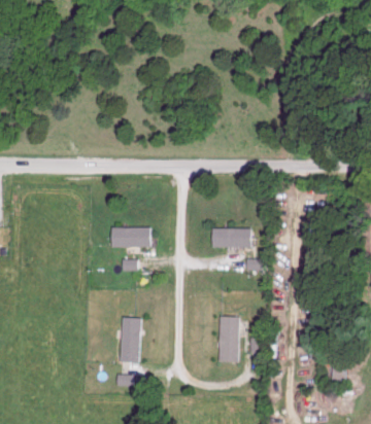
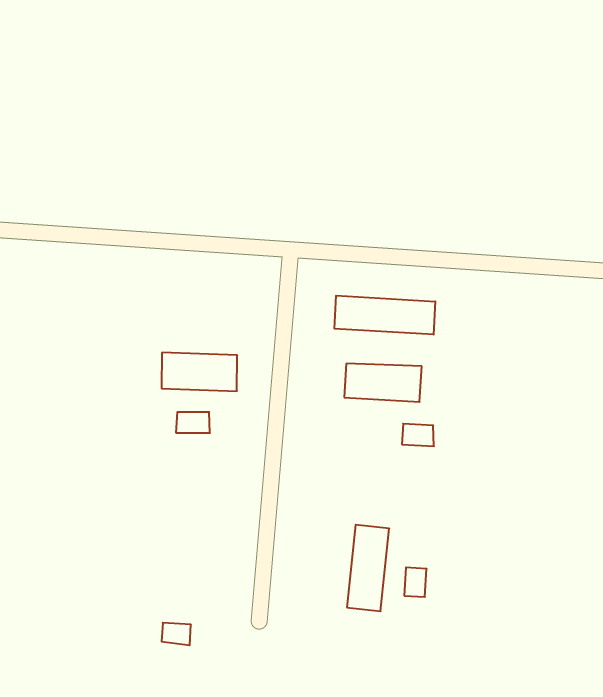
building: none -> [335,296,435,335]
building: [122,318,141,363] -> none

